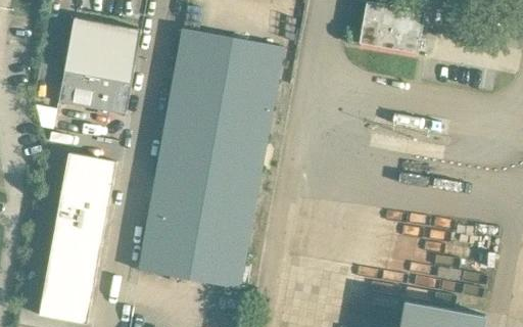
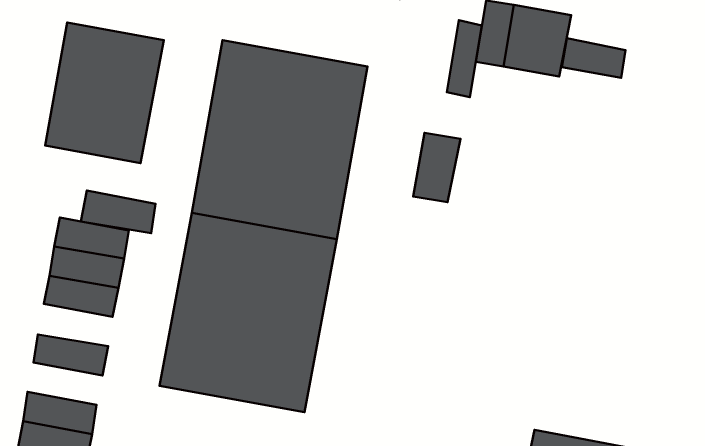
building: none -> [447,20,482,97]
building: none -> [562,38,626,78]
building: none -> [413,133,460,202]
building: [53,213,105,242] -> [81,191,156,233]
building: [46,253,98,283] -> none

